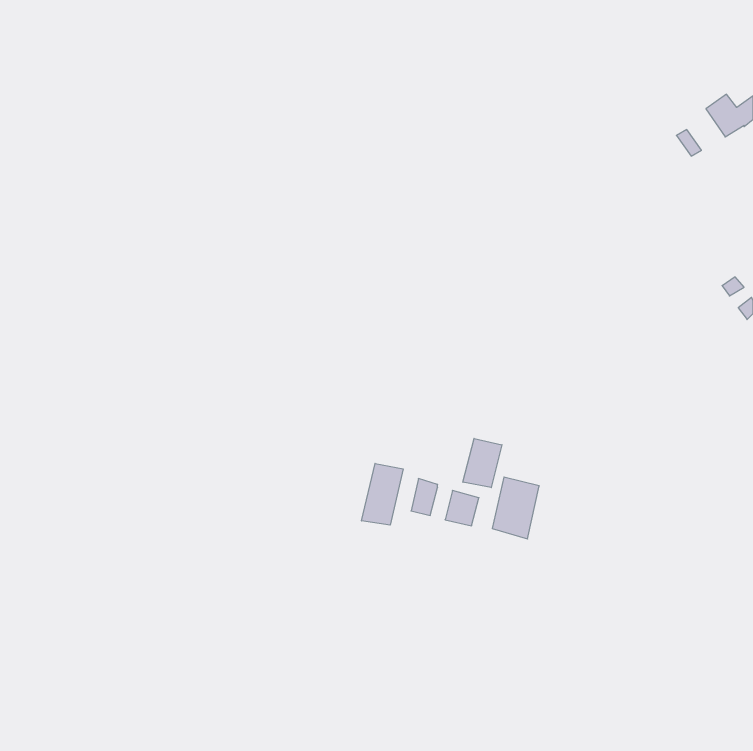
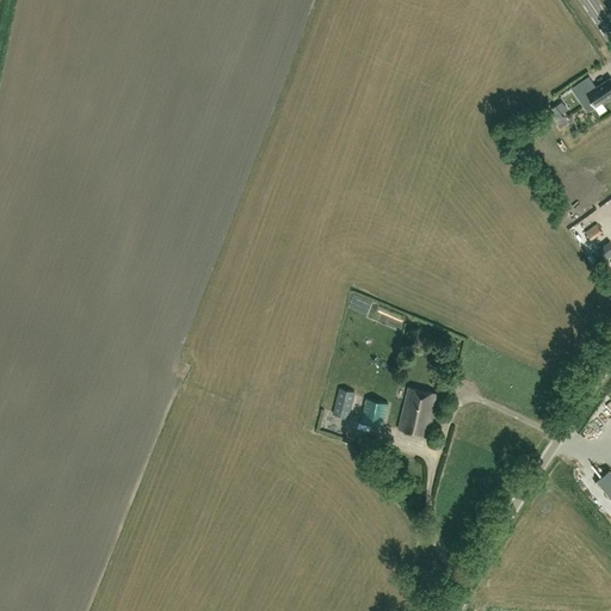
building: [463,438,502,488] -> none
building: [362,463,403,525] -> none

